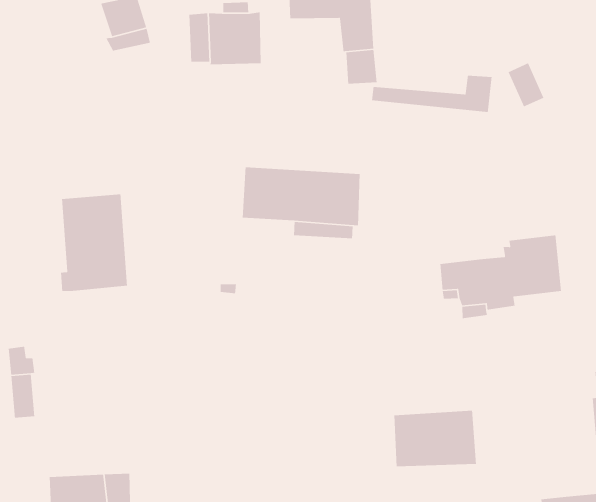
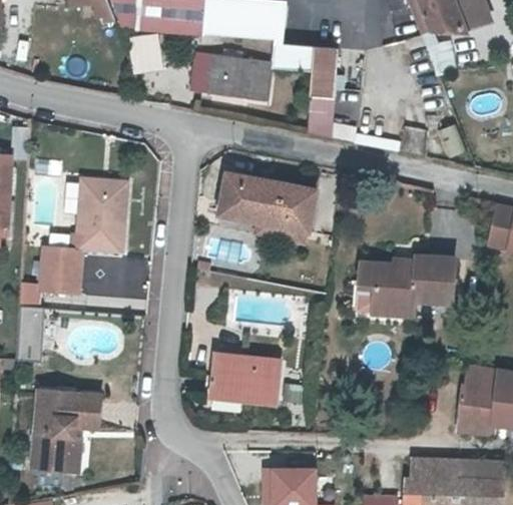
building: none -> [247,56,272,99]
building: none -> [41,245,79,292]
building: [393,410,477,467] -> [211,357,277,404]

